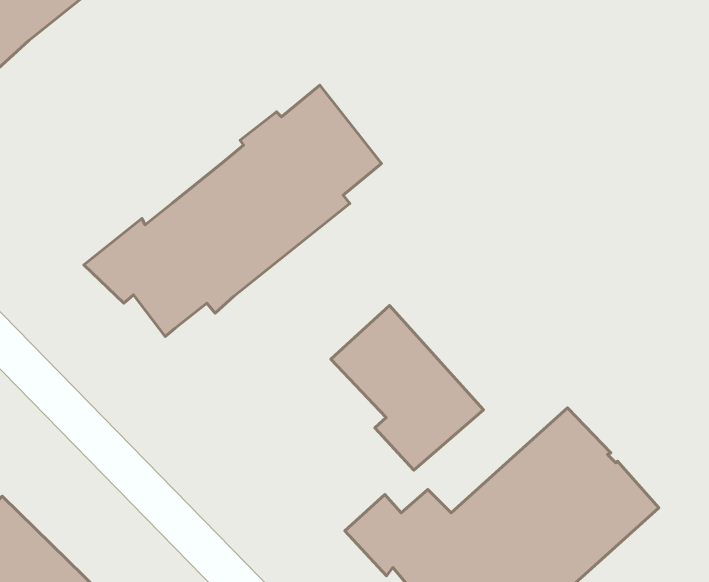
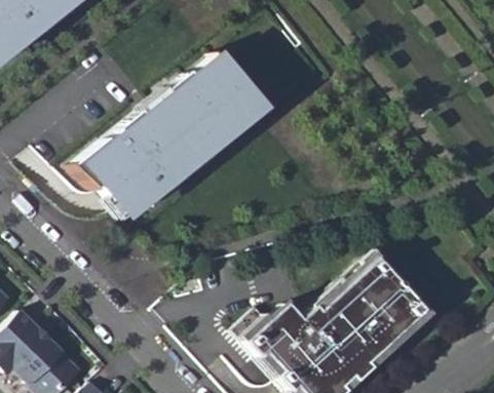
building: [331,305,483,470] -> none

